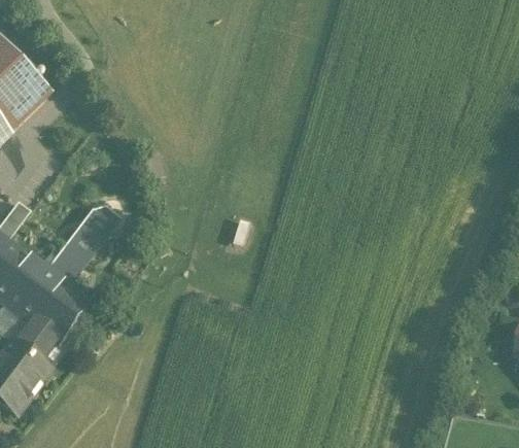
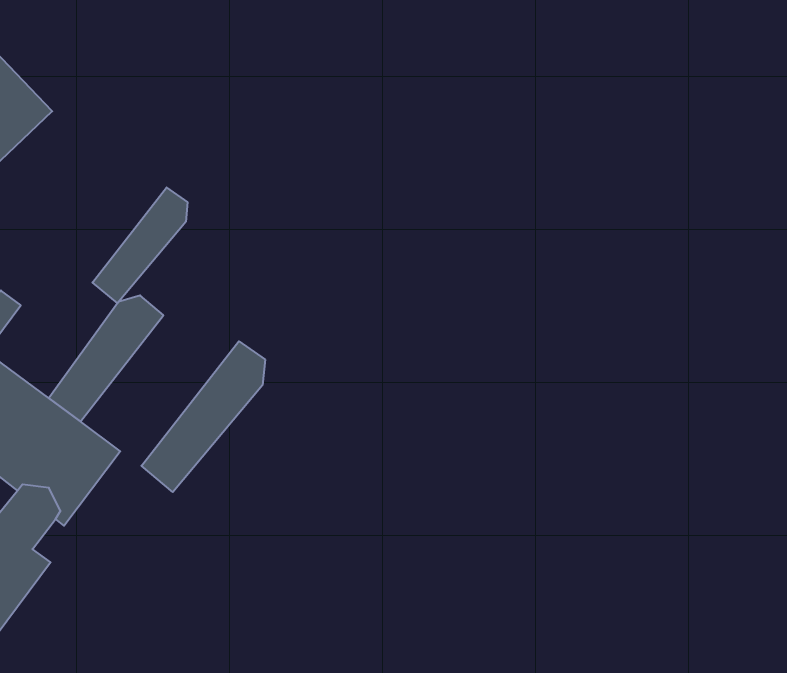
building: none -> [92,187,187,303]
building: none -> [141,341,265,492]

